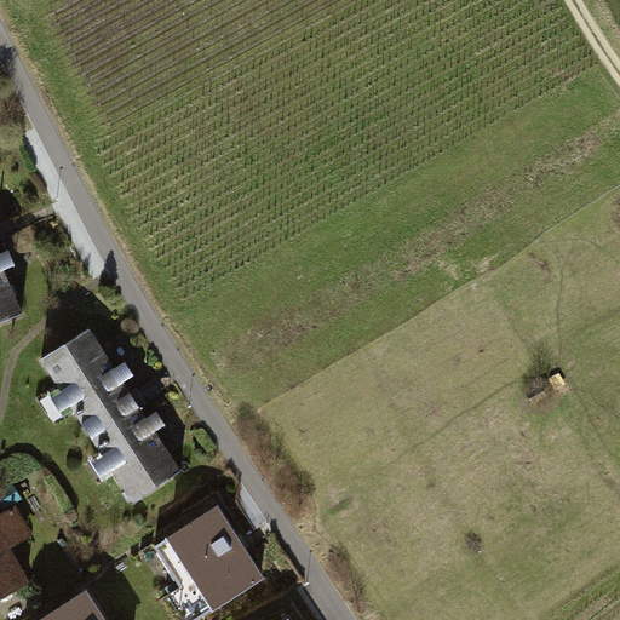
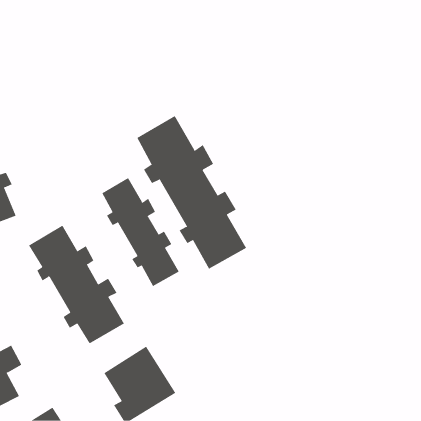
building: none -> [136,115,247,270]
building: none -> [101,177,180,287]

